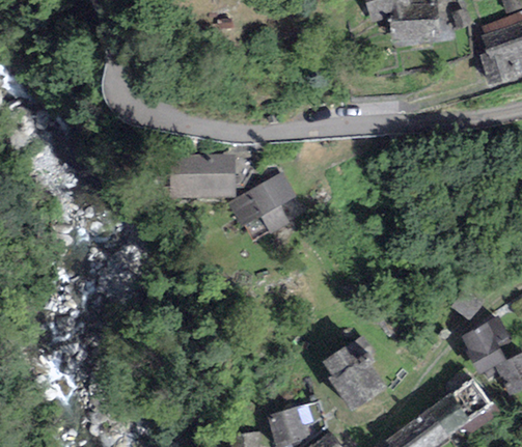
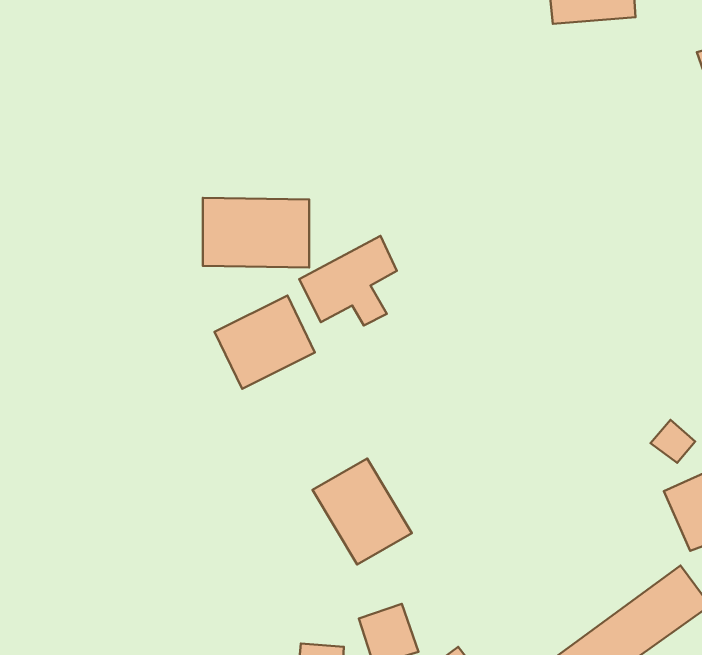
building: none -> [215,296,315,389]
building: [327,341,389,408] -> [312,458,412,564]

